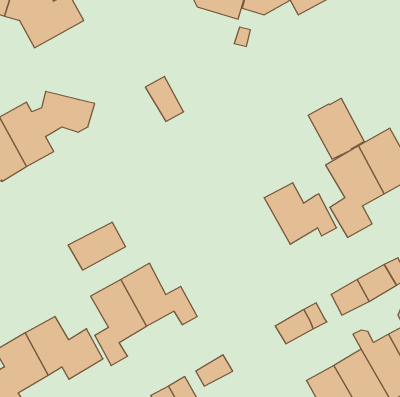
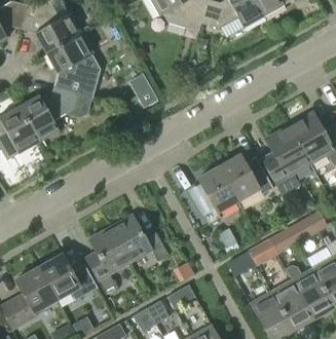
building: none -> [45,32,94,91]
building: [308,98,364,159] -> none
building: none -> [194,165,237,224]
building: [68,222,126,270] -> none

